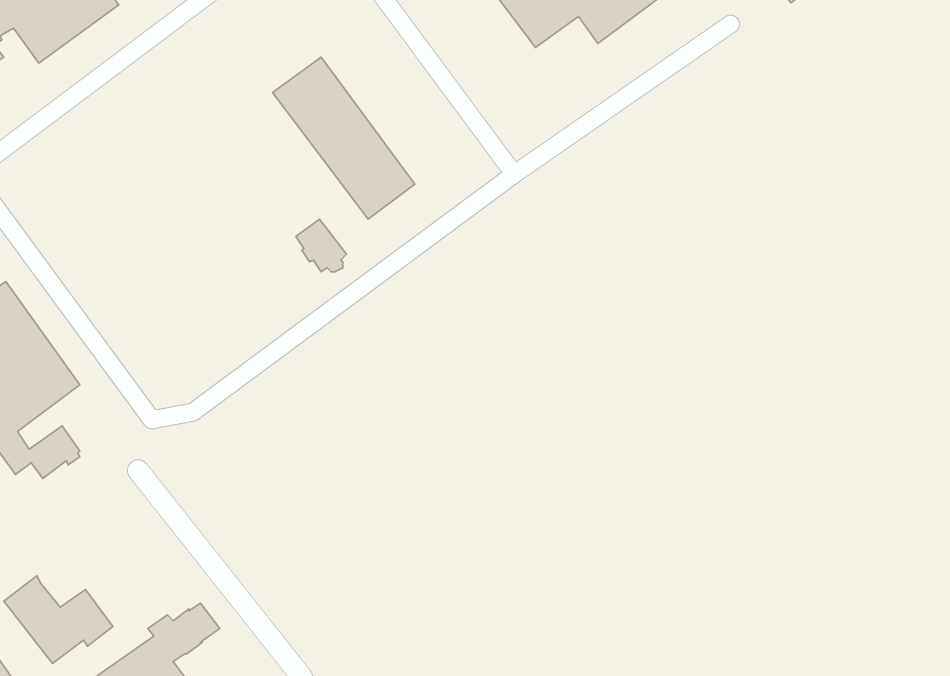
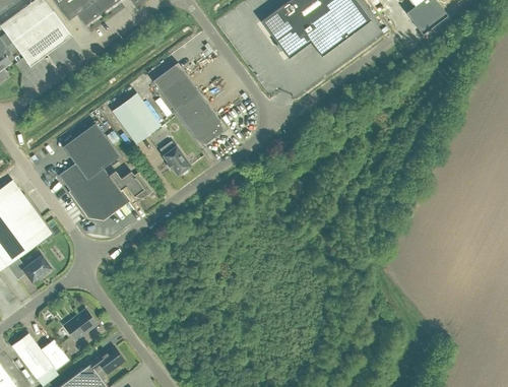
building: none -> [112,93,161,144]
building: none -> [58,123,151,218]
building: none -> [64,310,97,340]

